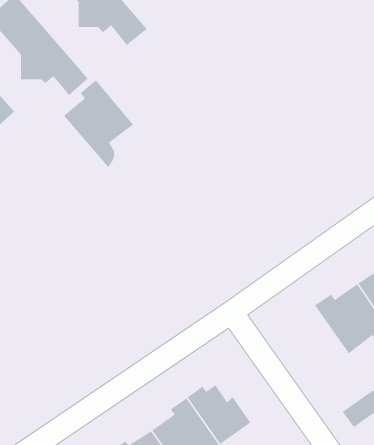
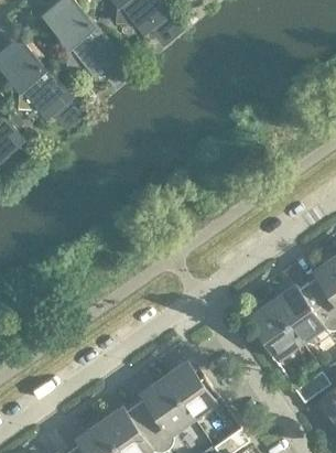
building: [63,80,134,169] -> none
building: none -> [251,300,297,359]

